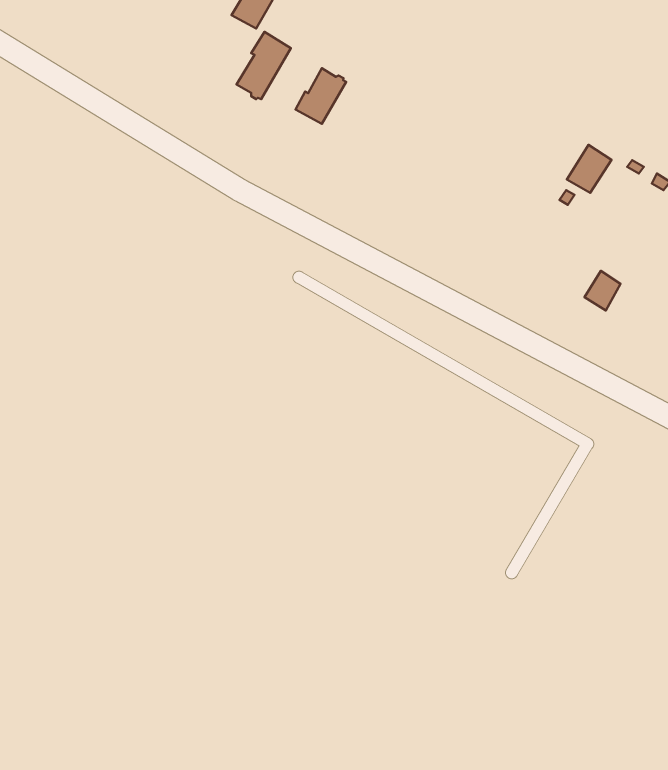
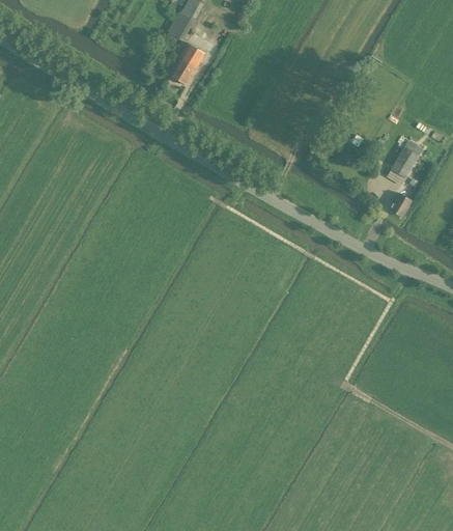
building: [295,68,346,124] -> none
building: [567,145,612,193] -> [392,146,420,176]

